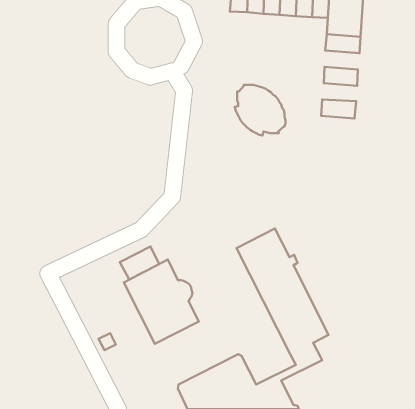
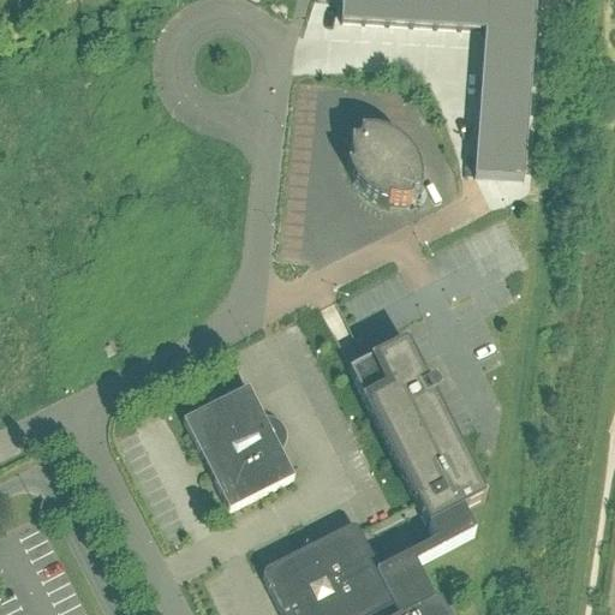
building: none -> [480,74,532,102]
building: none -> [477,123,529,149]
building: [120,246,159,279] -> none

